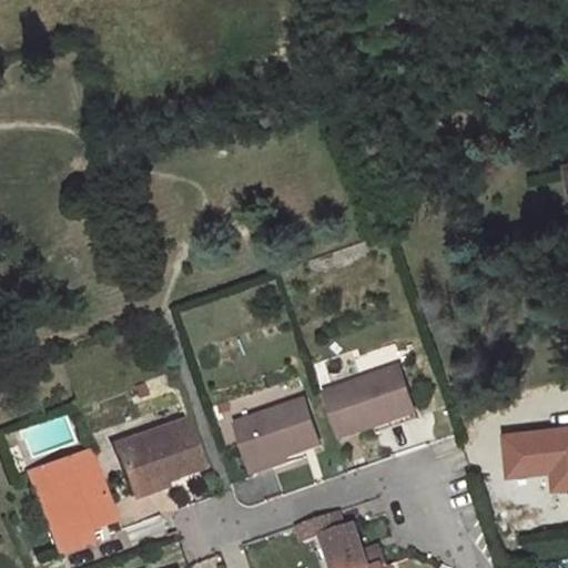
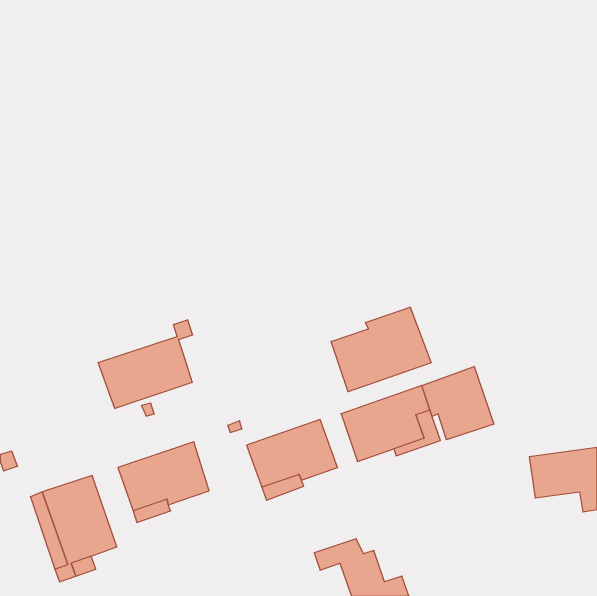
building: none -> [331,307,431,392]
building: none -> [98,320,193,409]
building: none -> [422,366,494,440]

